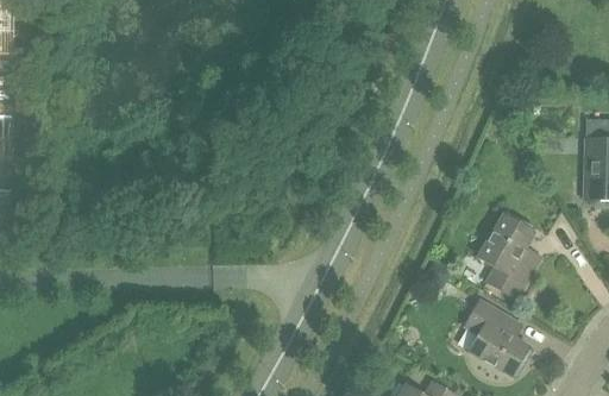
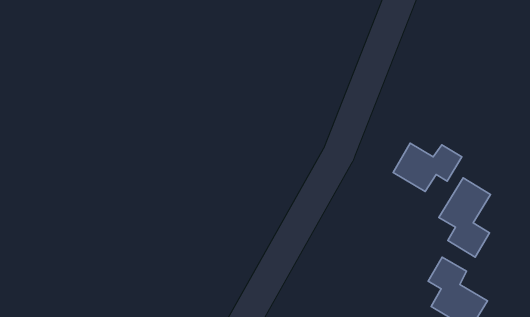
building: none -> [393,143,462,192]

